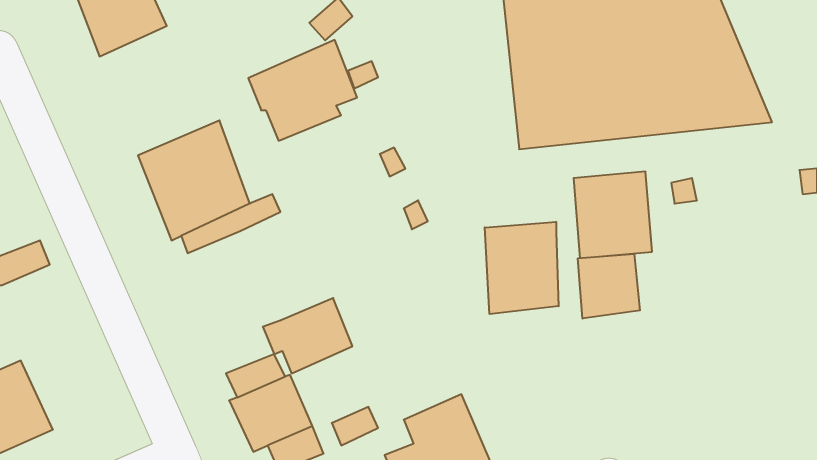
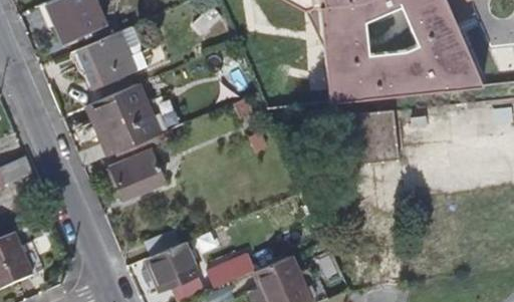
building: [248,40,357,141] -> [78,24,147,87]
building: [485,222,559,314] -> none
building: [578,254,640,319] -> none
building: [263,298,352,373] -> [107,152,164,199]

